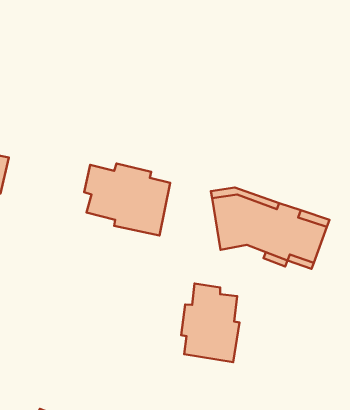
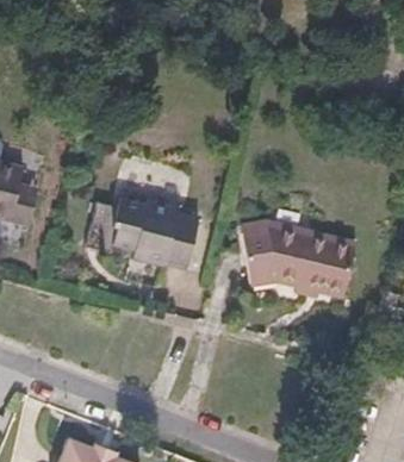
building: [181,284,240,362] -> none

